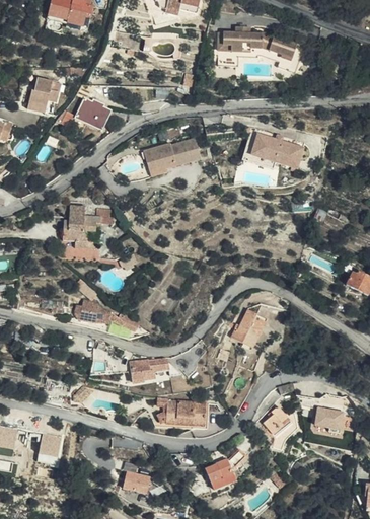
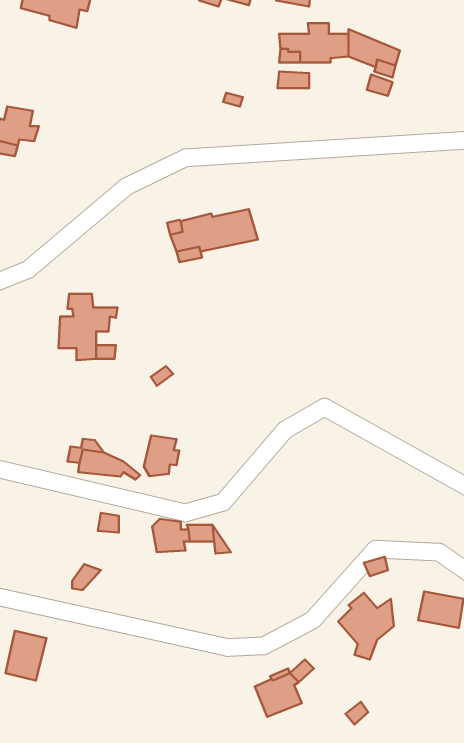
building: [77,97,109,125] -> none
building: [246,132,298,167] -> none
building: none -> [144,435,179,476]
building: [229,313,266,354] -> none
building: [159,395,210,426] -> none
building: [121,466,150,492] -> none

